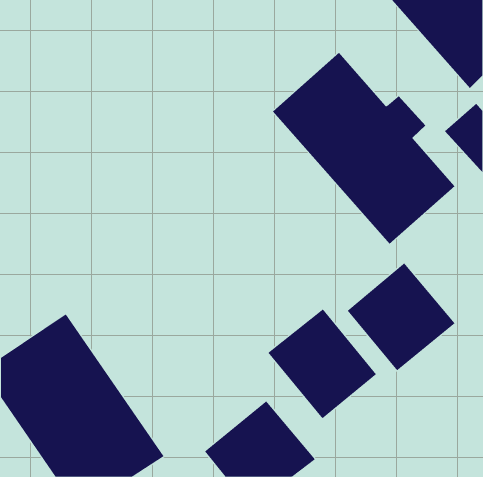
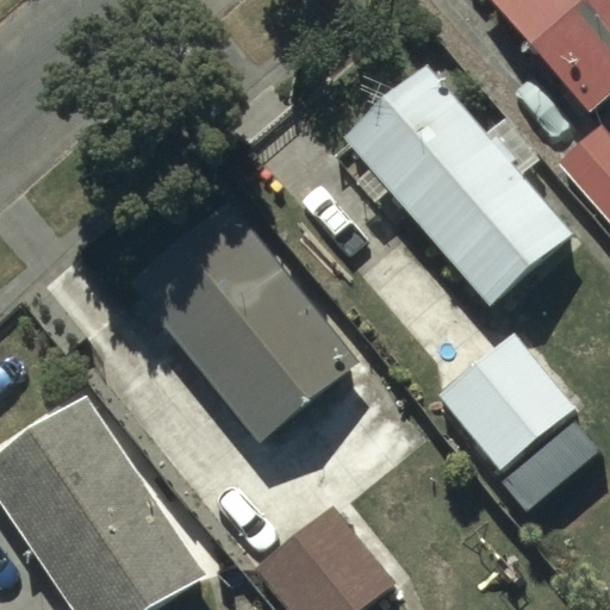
building: none -> [130,203,362,444]
building: [268,308,377,419] -> none

